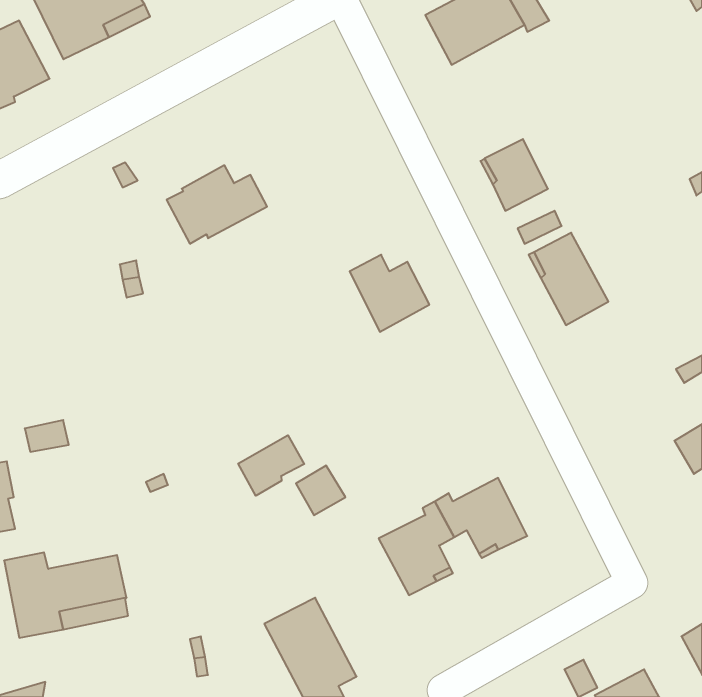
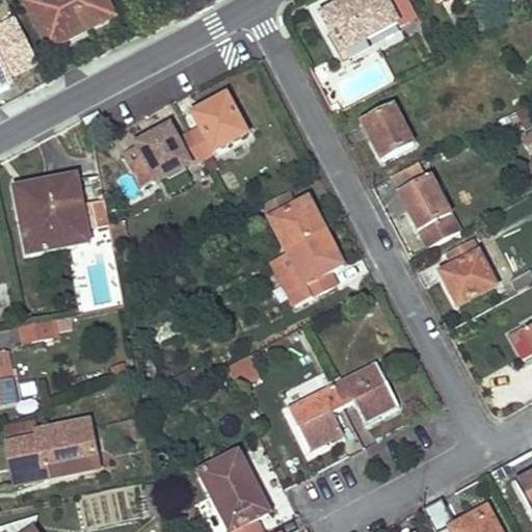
building: none -> [189,94,246,156]
building: none -> [15,174,88,251]
building: none -> [271,230,342,302]
building: none -> [441,240,495,303]
building: [238,435,304,496] -> none

